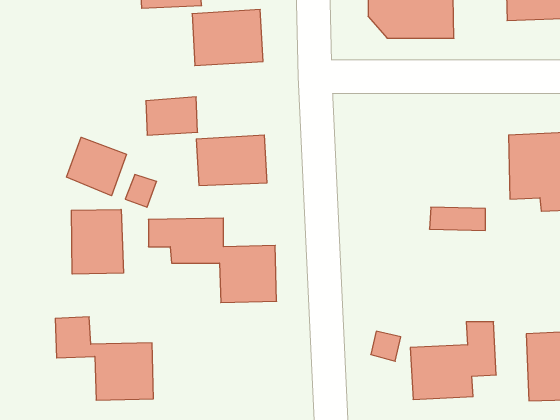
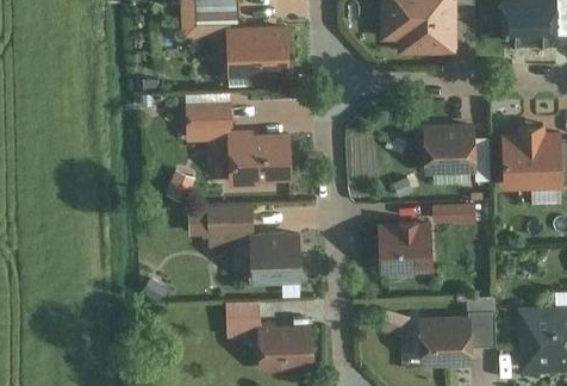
building: none -> [420,125,491,182]
building: [67,137,126,196] -> none
building: [71,209,123,274] -> none
building: none -> [380,225,432,272]
building: [55,317,153,400] -> [226,303,312,375]

